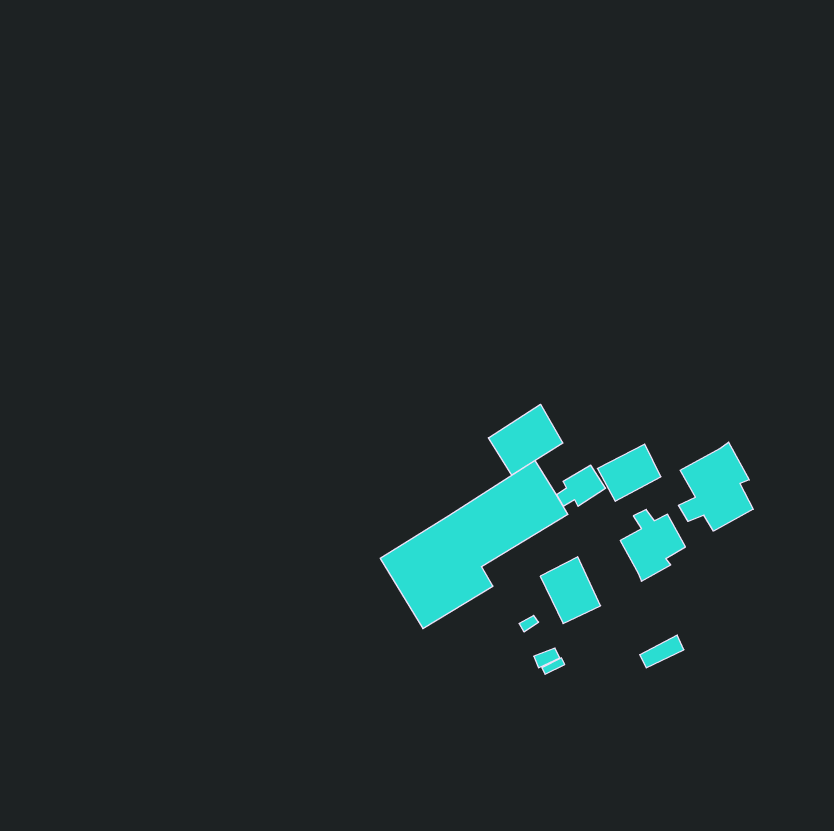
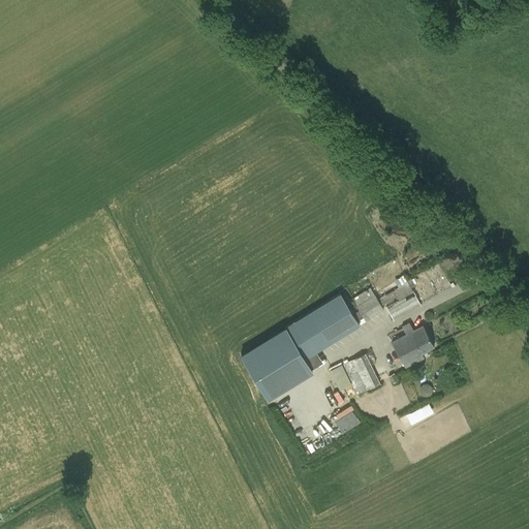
building: [488,404,563,475] -> none
building: [678,442,753,531] -> none

